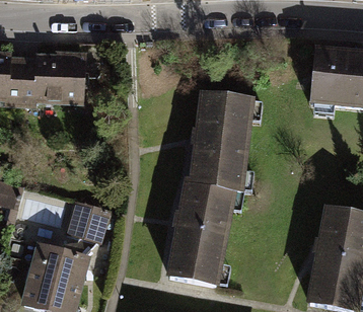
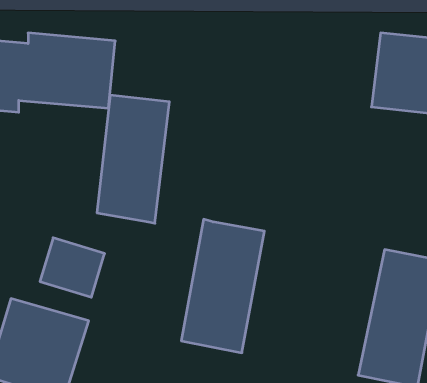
building: [191,97,246,196] -> [97,95,169,223]

